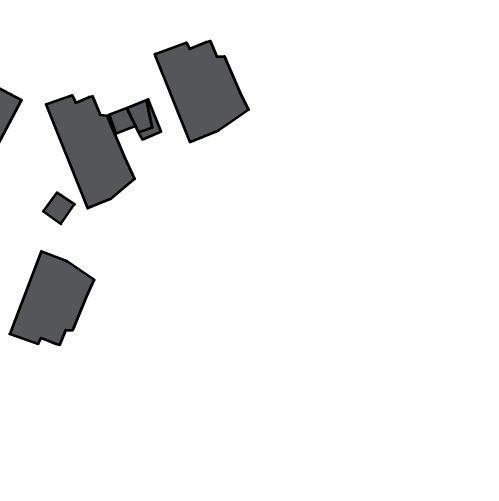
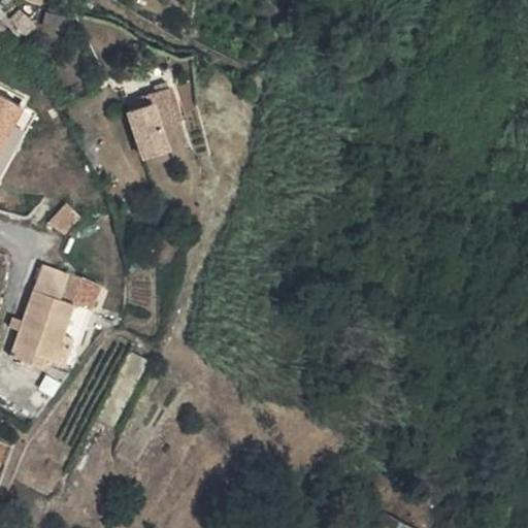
building: [155,41,249,142] -> none
building: [46,95,135,208] -> none

